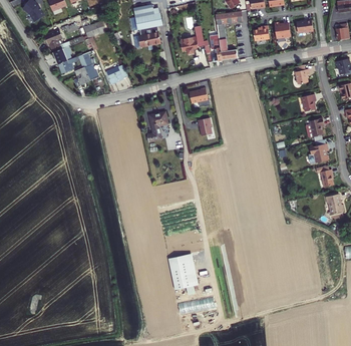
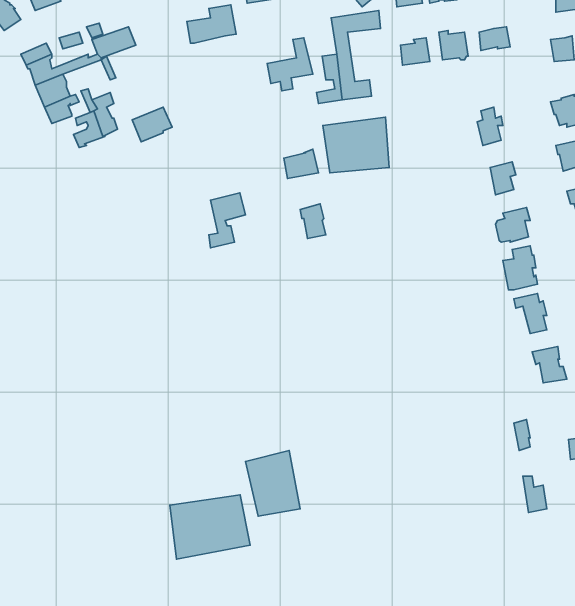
building: [137,25,160,47] -> none
building: none -> [323,117,389,173]
building: none -> [170,495,250,559]

